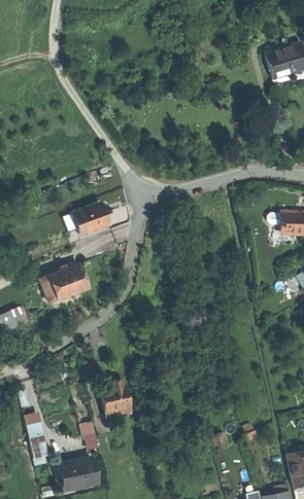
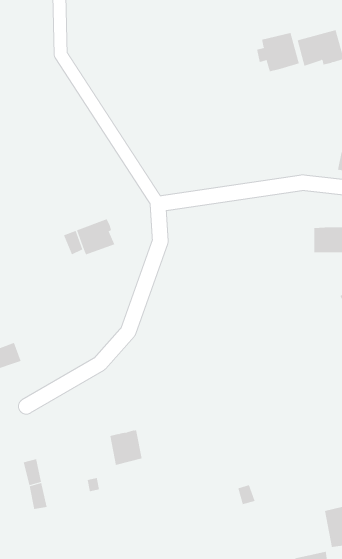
building: none -> [256,32,299,72]
building: [42,261,89,299] -> none
building: [59,458,97,491] -> none

